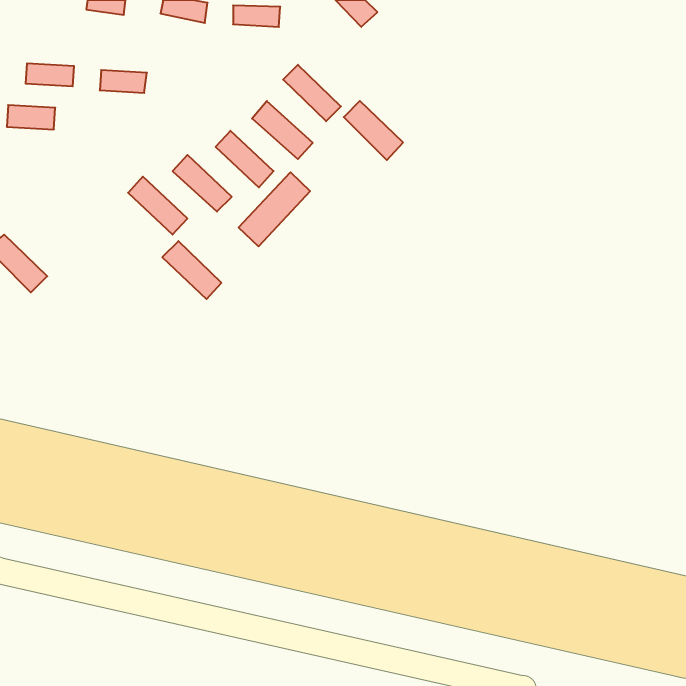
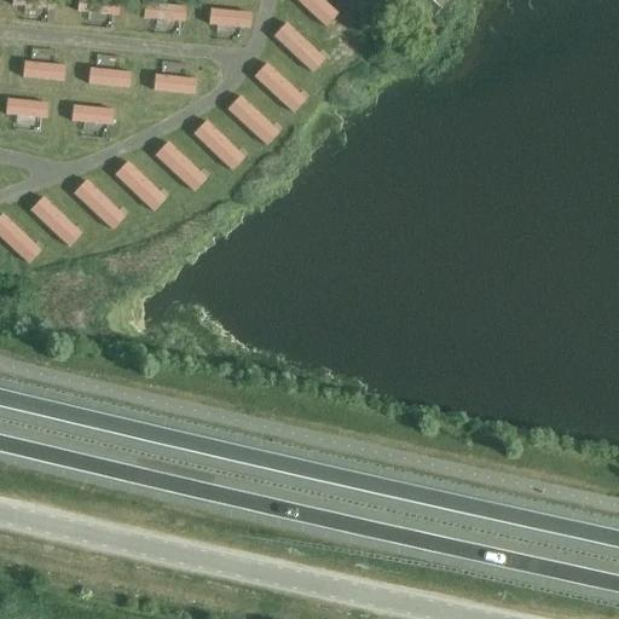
building: none -> [154,71,197,93]
building: [344,101,403,160] -> [273,19,326,73]
building: none -> [73,104,114,123]
building: [239,172,310,246] -> none
building: none -> [30,196,83,248]
building: [162,241,221,299] -> [73,179,126,231]

